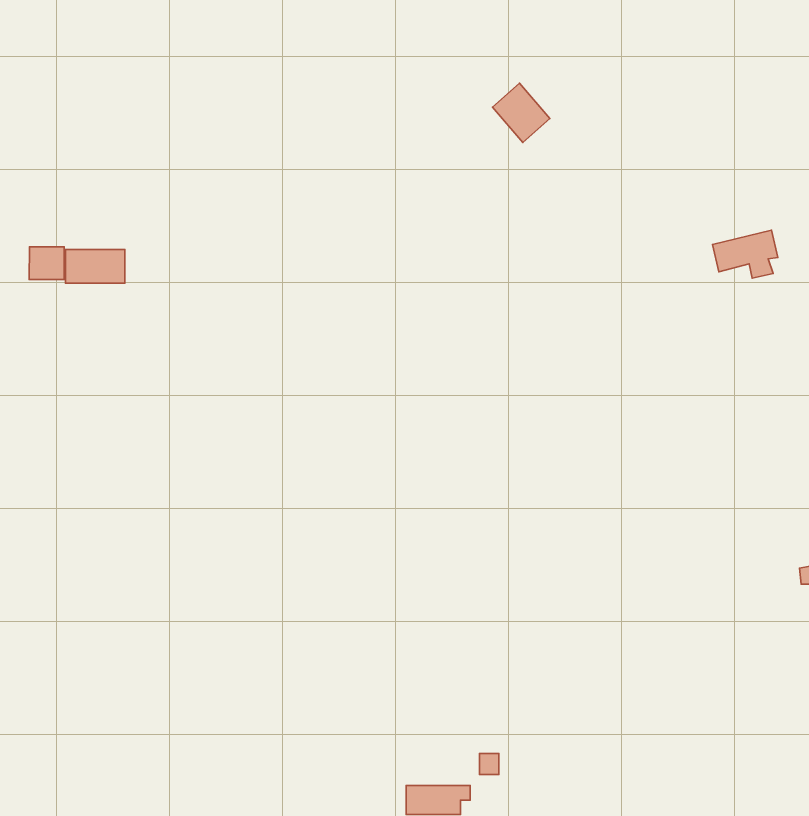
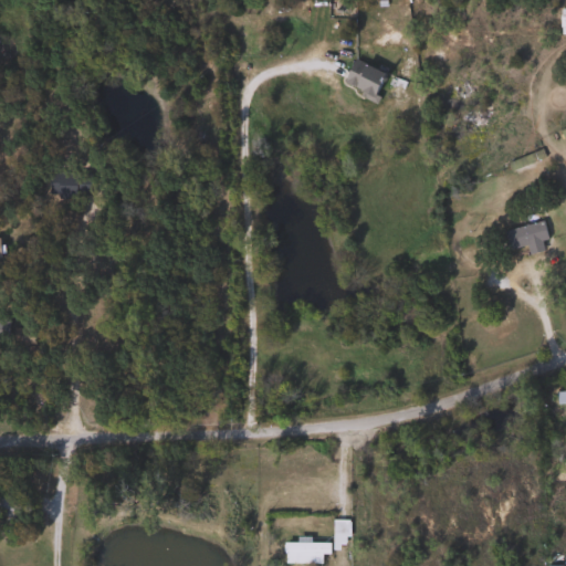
building: [712,230,778,278] -> [504,221,549,254]
building: [29,247,64,279] -> none

